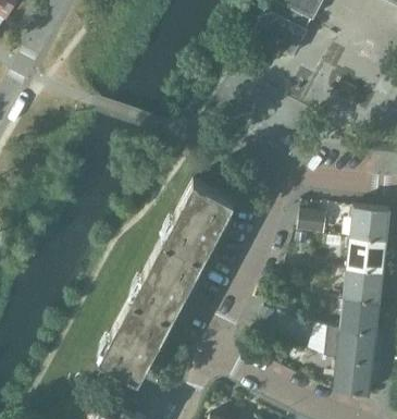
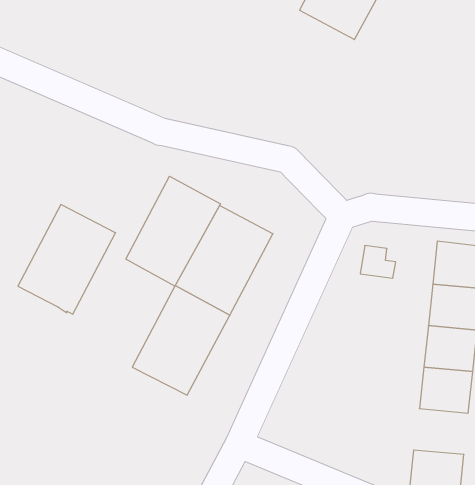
building: none -> [126,176,220,286]
building: [98,301,170,382] -> [18,205,116,314]
building: [336,332,376,366] -> none

